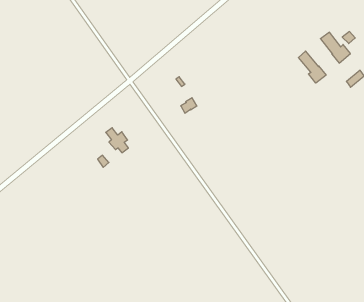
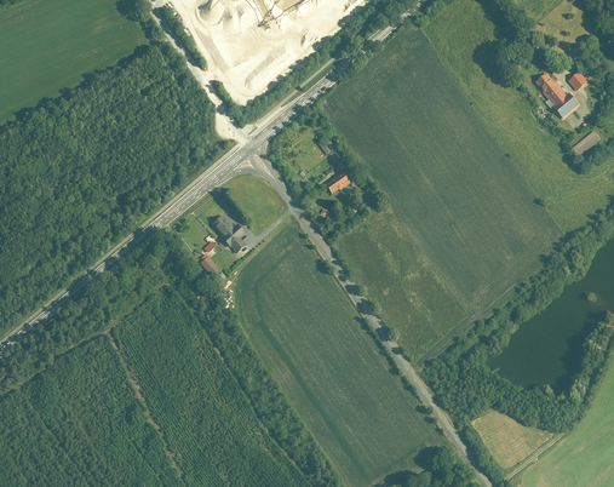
building: [298,51,326,83] -> none

